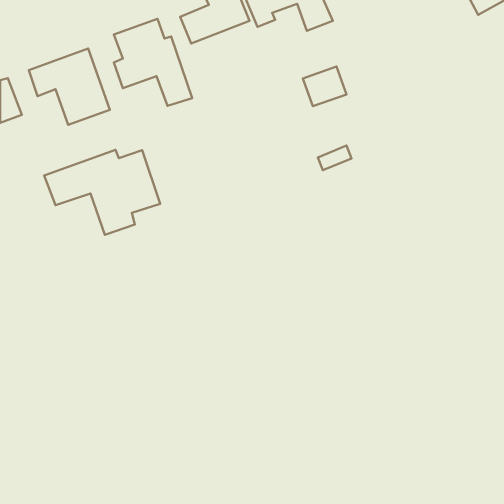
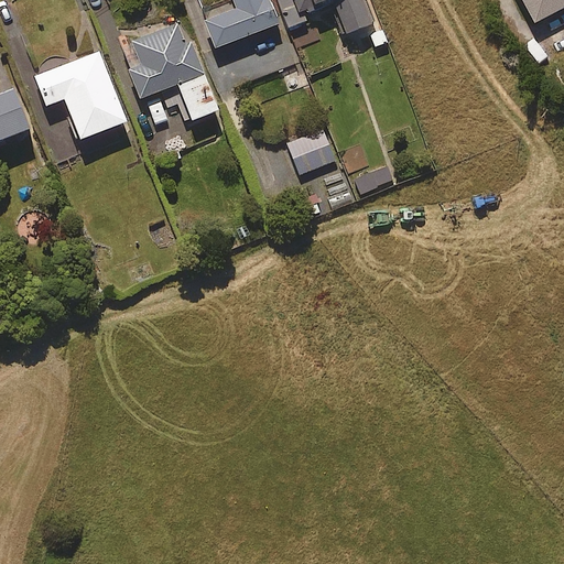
building: [303,67,347,106] -> [288,127,336,171]
building: [44,150,160,235] -> none

